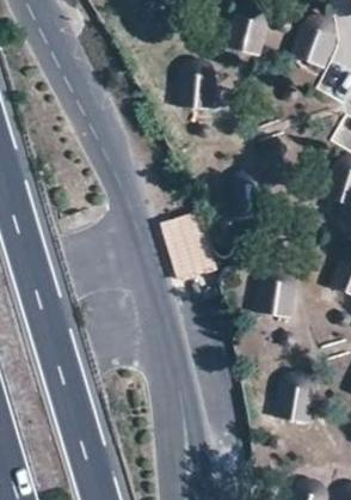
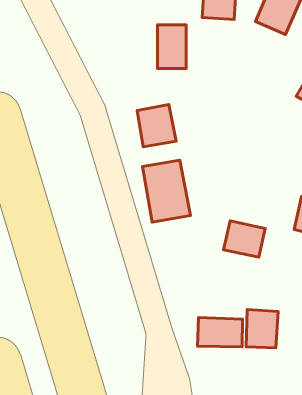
building: none -> [137,105,176,147]
building: none -> [197,317,243,347]

